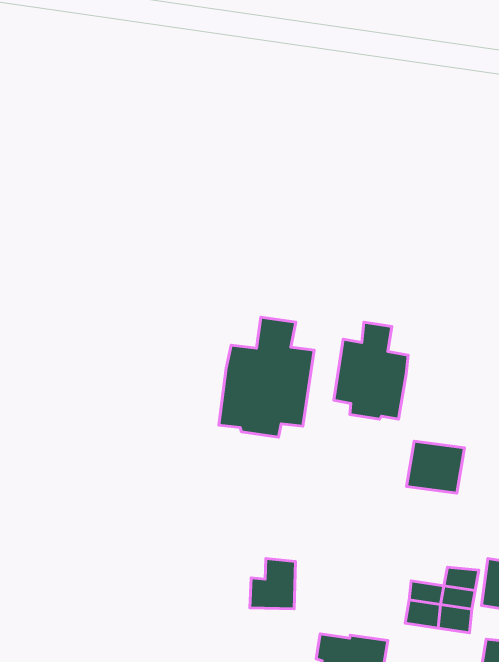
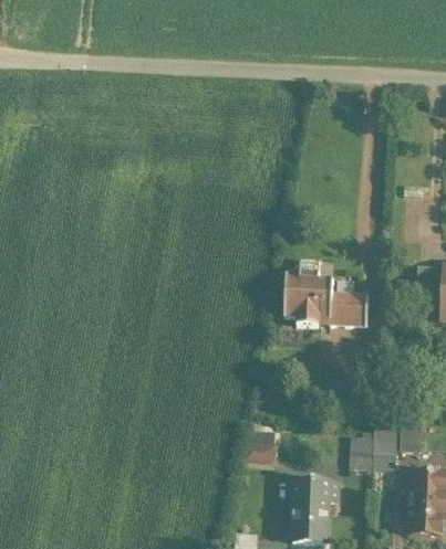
building: [219,317,314,437] -> none
building: [407,441,464,493] -> [331,293,369,326]

